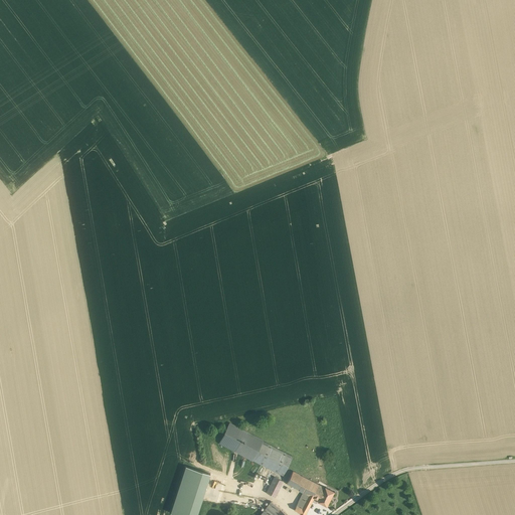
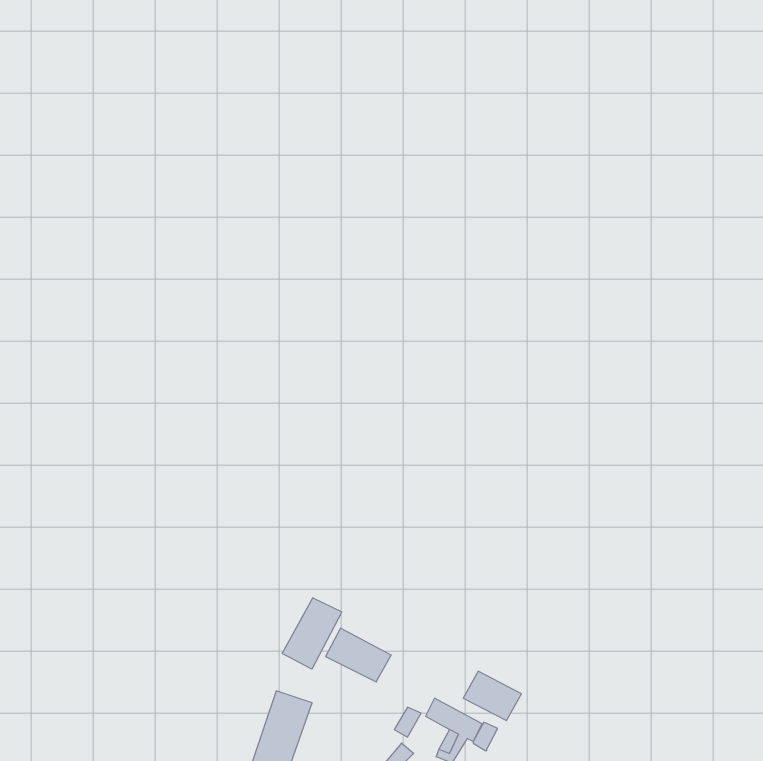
building: none -> [282,598,342,669]
building: [253,443,293,476] -> [463,671,521,721]

